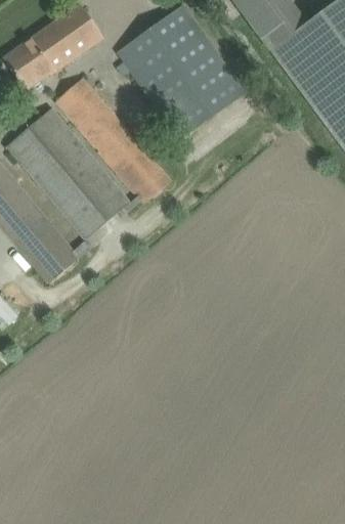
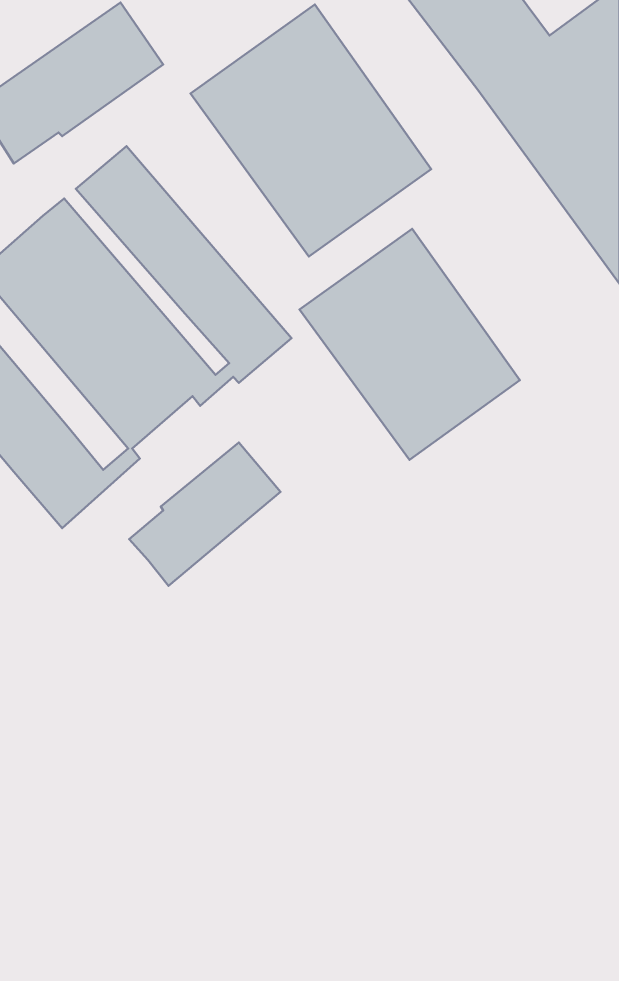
building: none -> [300,229,520,460]
building: none -> [129,443,281,586]

